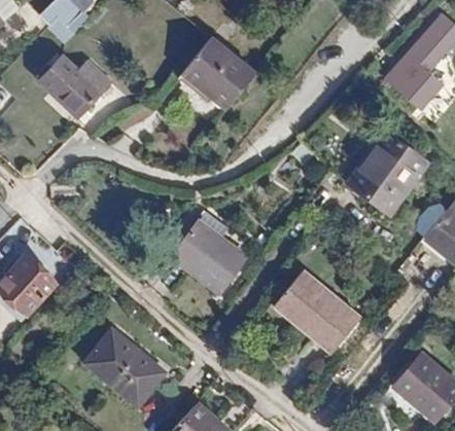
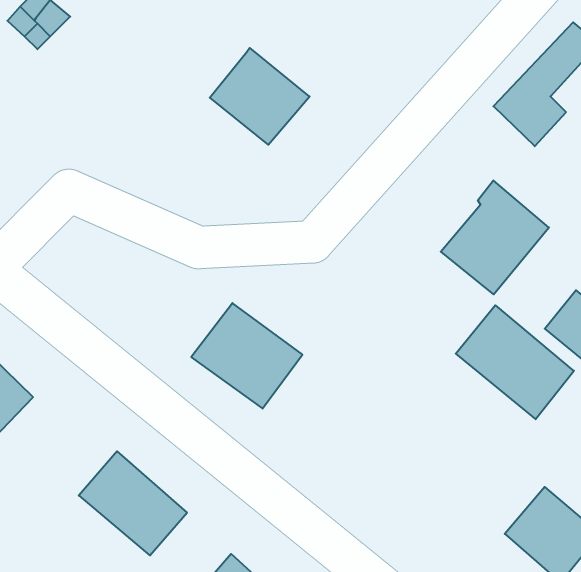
building: [36,61,107,119] -> none
building: [274,271,359,353] -> [456,305,574,419]

